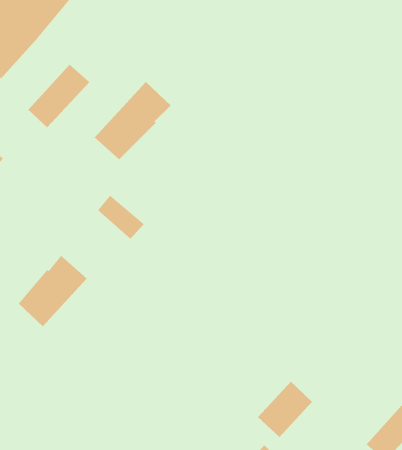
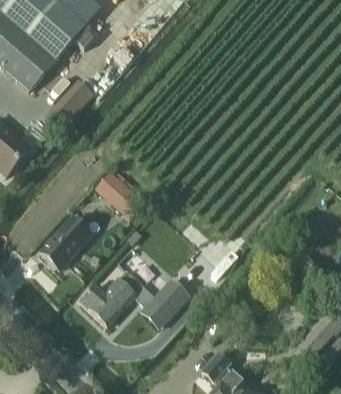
building: [94,81,171,160] -> none
building: none -> [81,269,144,325]
building: [257,381,313,438] -> [147,280,187,321]

